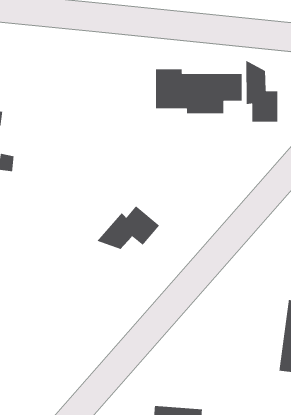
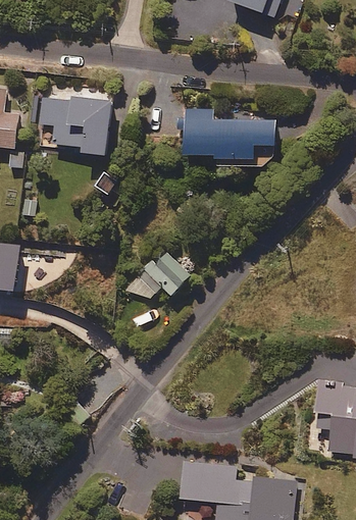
building: none -> [40,98,111,151]
building: [246,60,278,122] -> none

